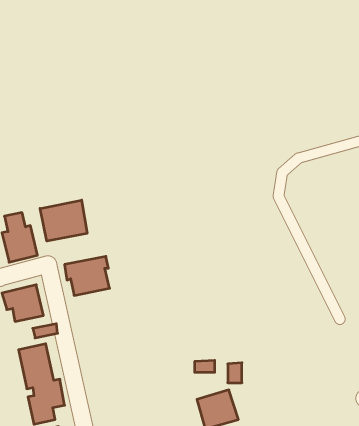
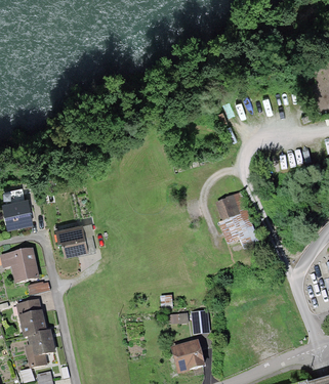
building: [40,200,87,241] -> none
building: none -> [214,191,257,248]

